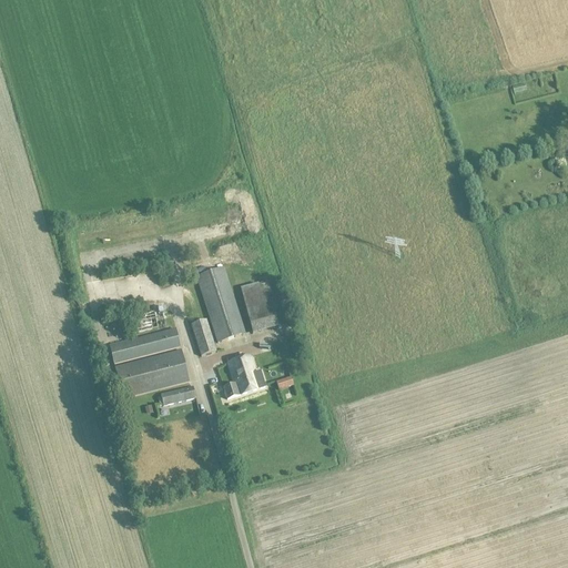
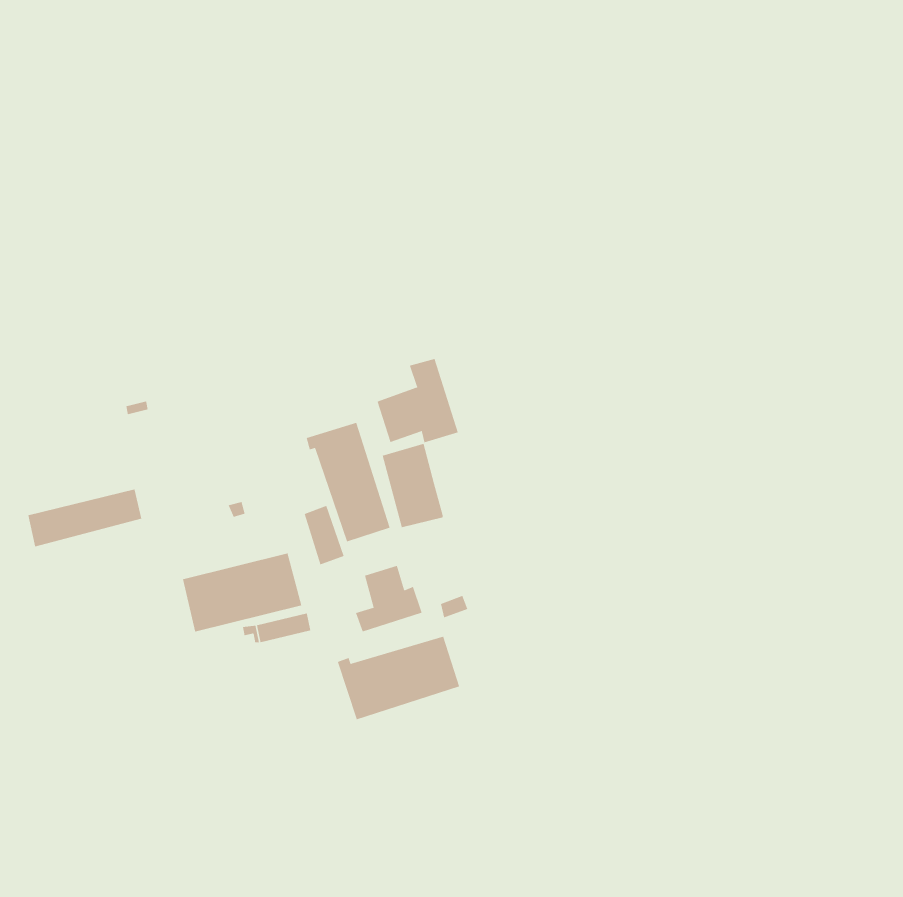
building: none -> [377,358,458,443]
building: [109,326,181,363] -> [27,489,142,547]
building: none -> [337,636,460,720]

